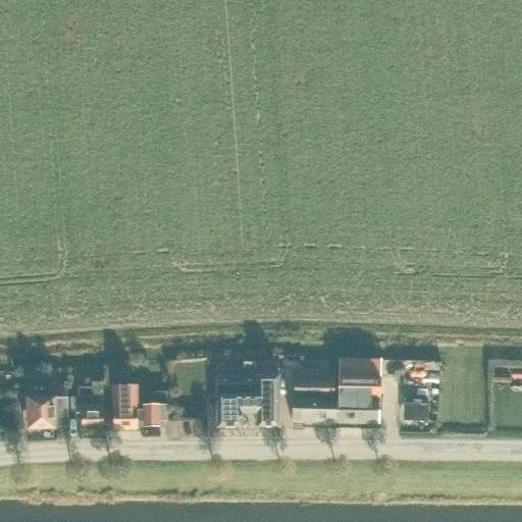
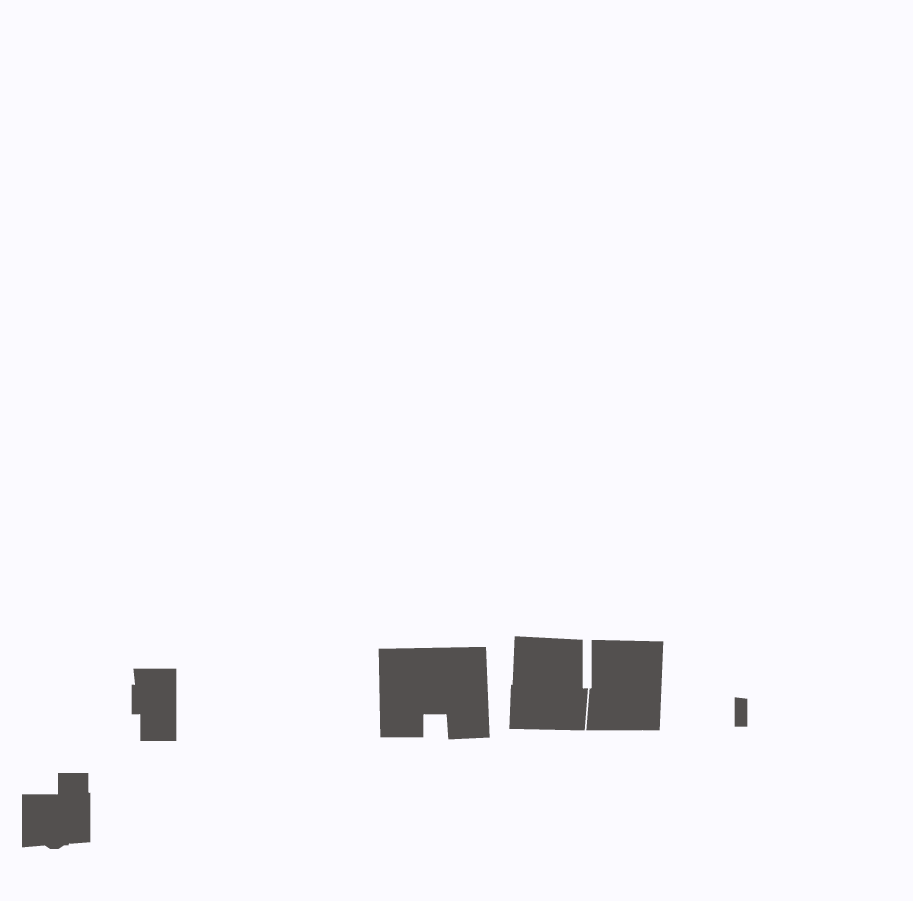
building: [110,370,165,422] -> none
building: [25,379,65,423] -> [21,772,91,850]

